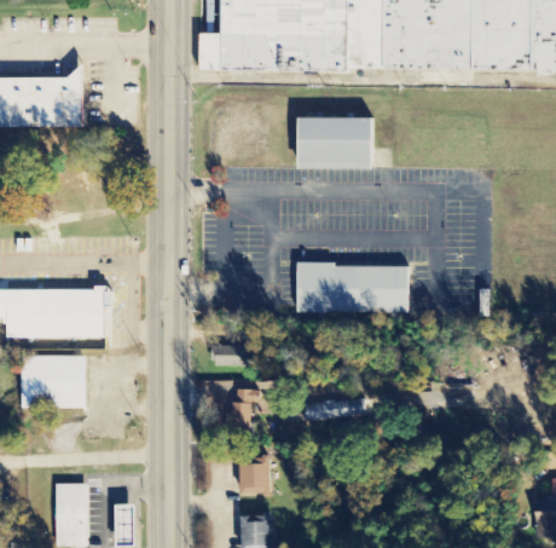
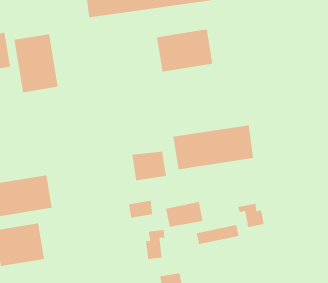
building: none -> [14,33,58,93]
building: none -> [132,151,166,181]
building: none -> [166,201,203,227]
building: none -> [238,203,264,228]

